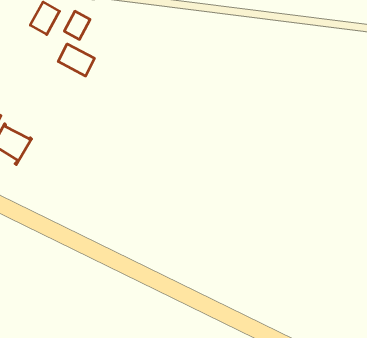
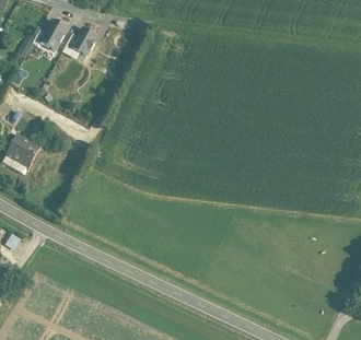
building: [58,44,94,76] -> none

